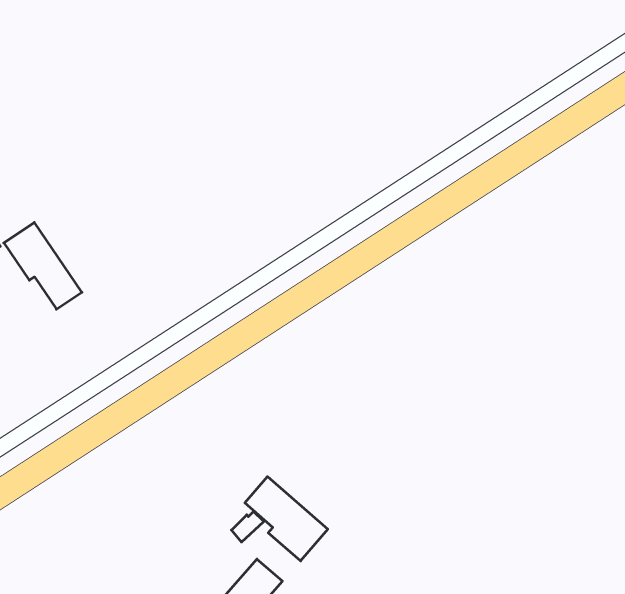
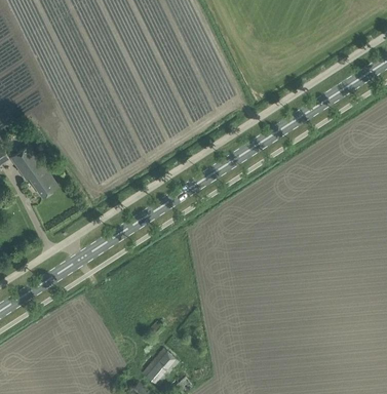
building: [245,477,328,561] -> none

